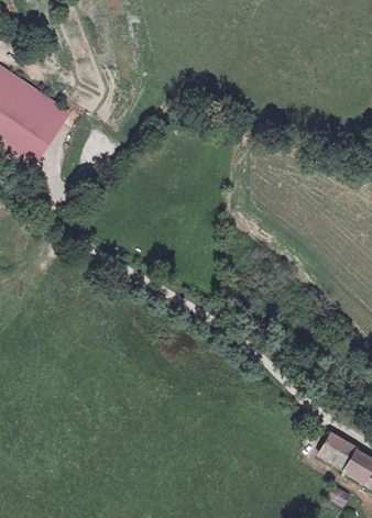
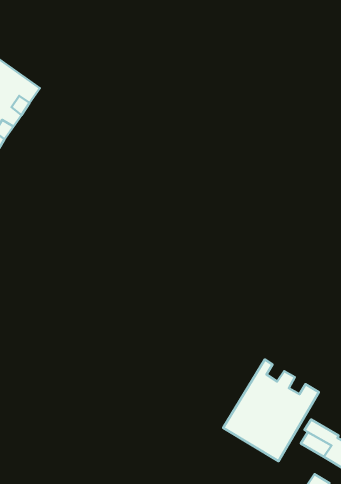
building: none -> [223,359,319,461]

